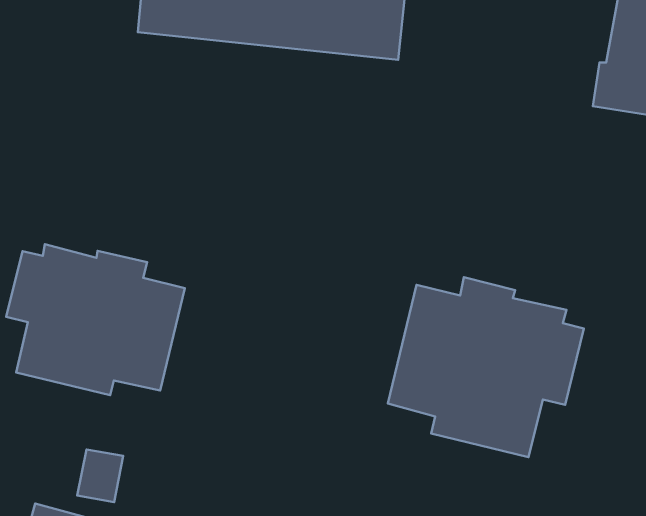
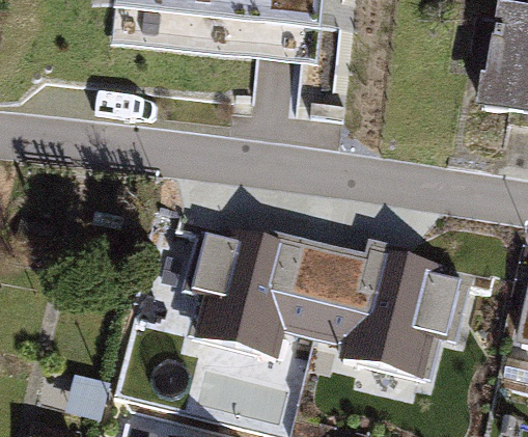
building: [6,244,185,395] -> none
building: none -> [193,226,333,361]

